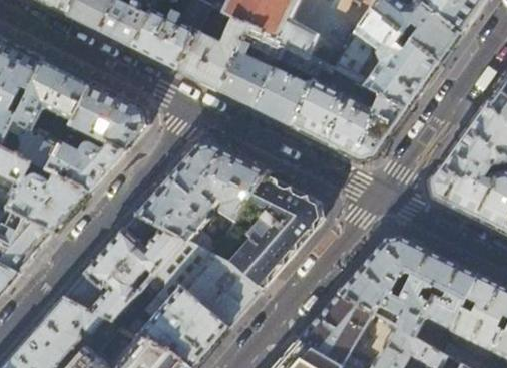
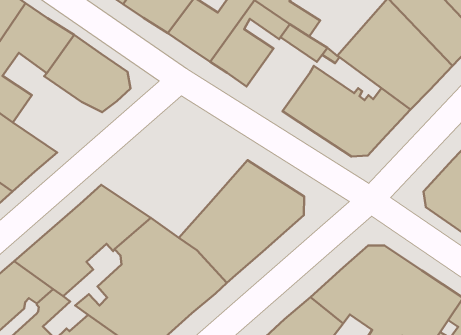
building: [255,68,311,124] -> none
building: [46,137,126,190] -> none
building: [134,140,268,253] -> none

